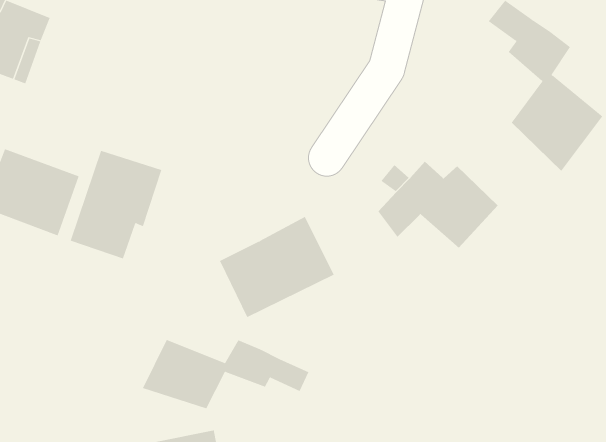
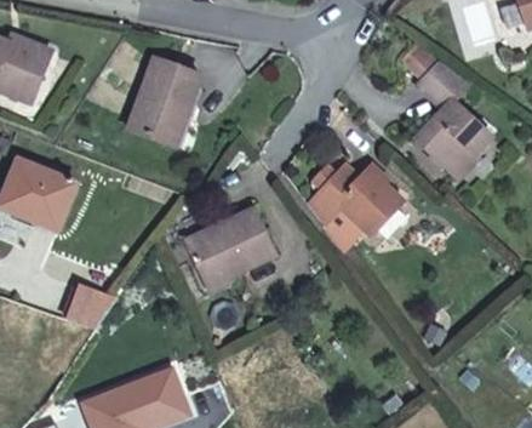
building: [70,150,162,259] -> [131,57,204,143]
building: none -> [70,285,121,329]
building: [142,339,309,409] -> none

